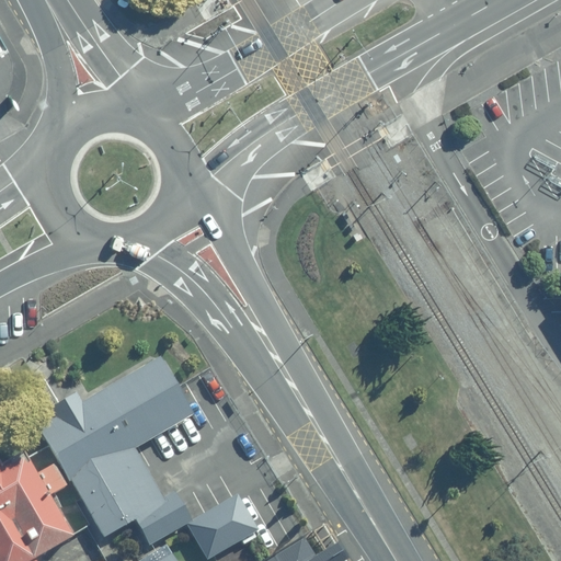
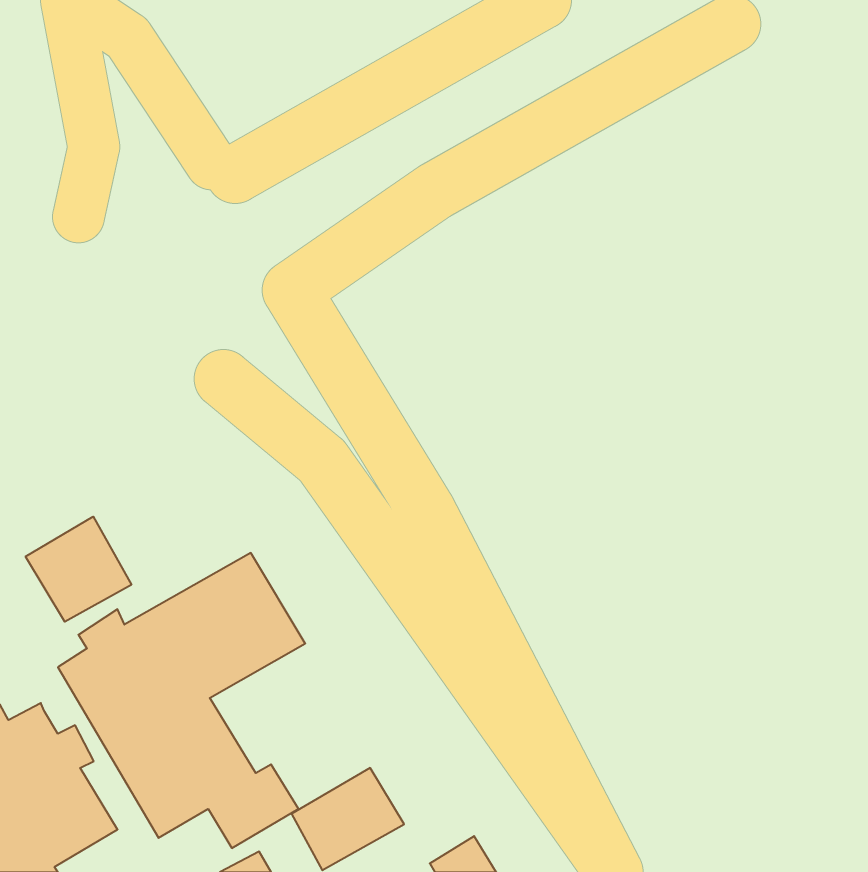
building: none -> [26,517,131,622]

